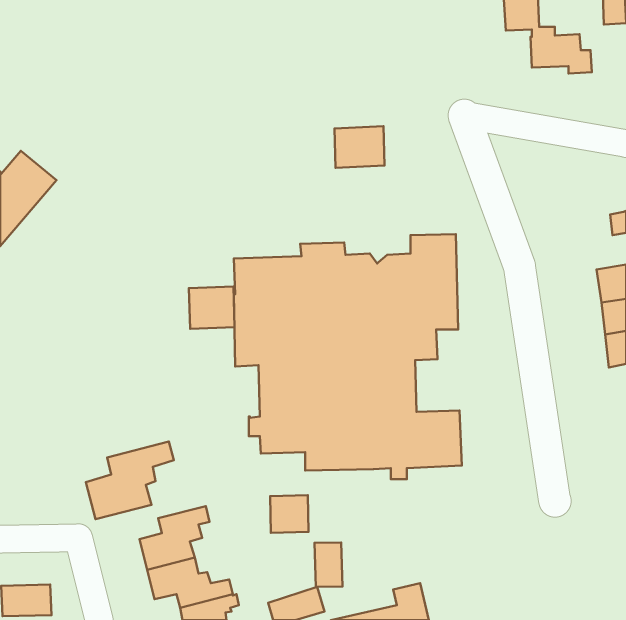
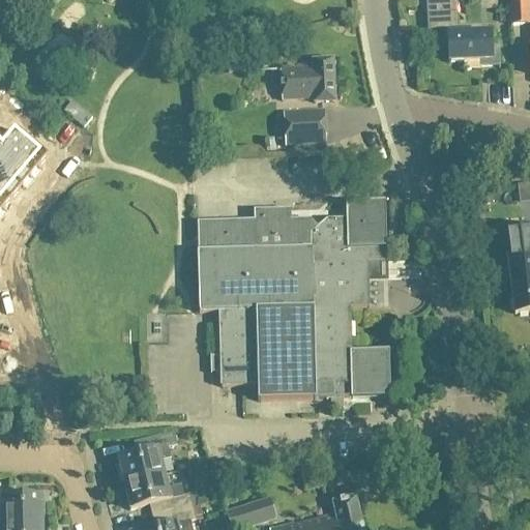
building: none -> [281,56,334,99]
building: [189,286,235,329] -> none
building: [86,442,174,519] -> none
building: [270,495,308,533] -> none
building: [315,543,342,587] -> none

